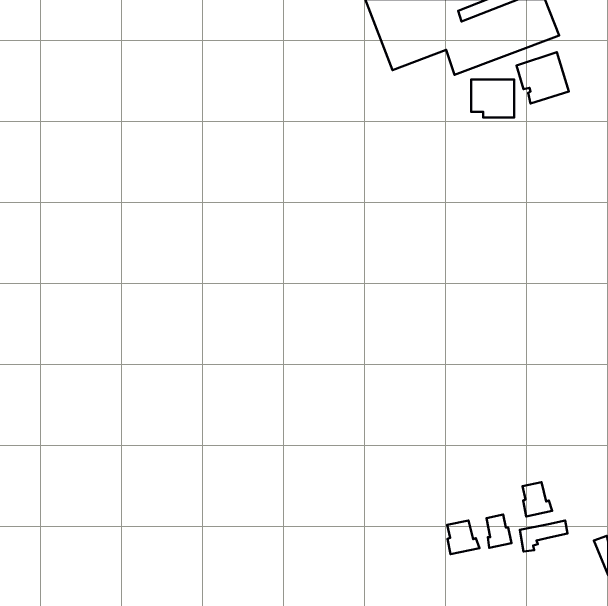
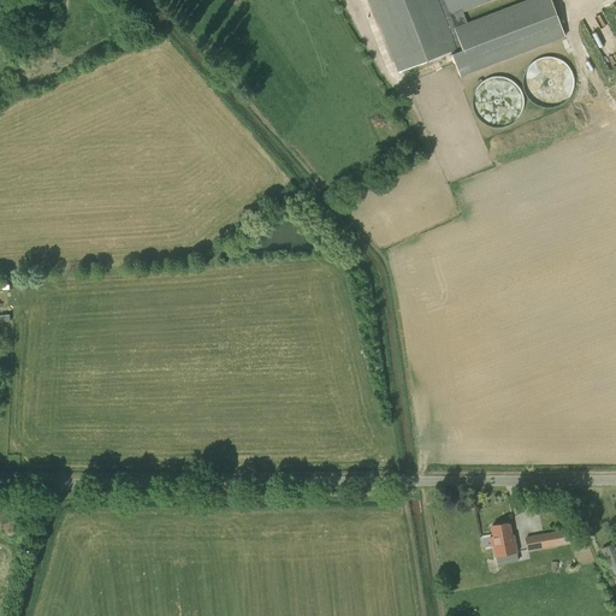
building: [522,482,552,516] -> none
building: [447,521,479,554] -> none

